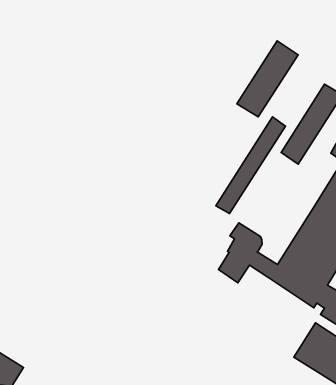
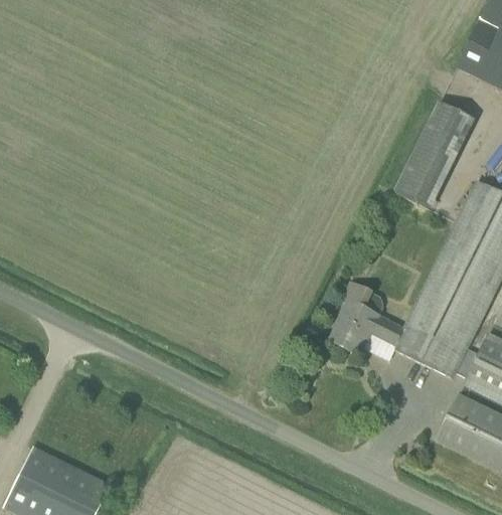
building: [237,41,298,117] -> none
building: [216,117,285,213] -> none

